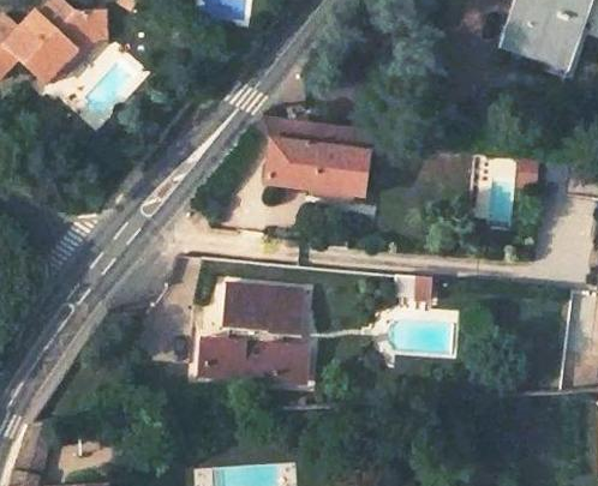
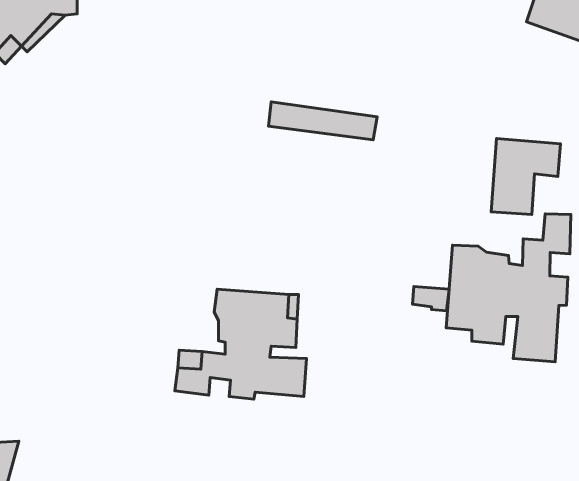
building: [269,140,369,194] -> none
building: none -> [446,214,571,362]

